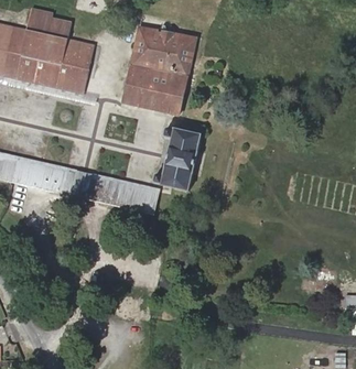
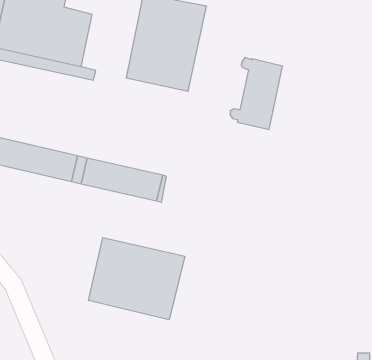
building: [154,126,202,191] -> [230,58,283,129]
building: none -> [89,238,185,320]

